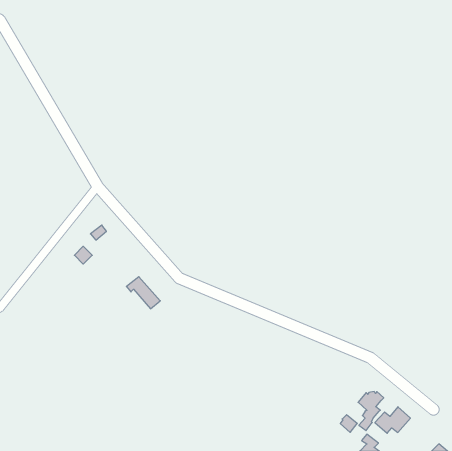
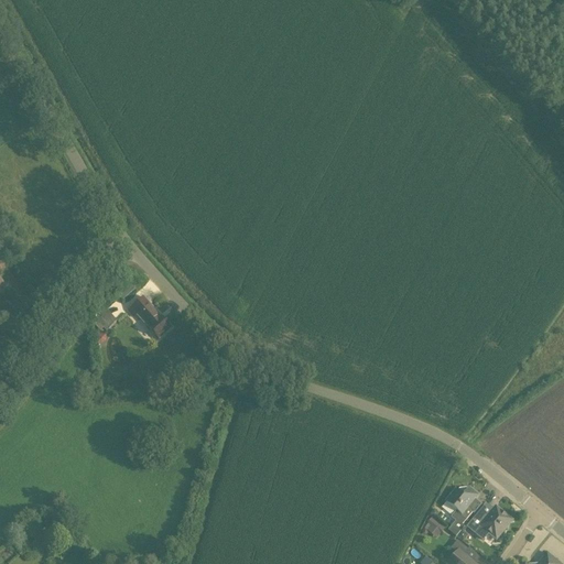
building: [126,277,160,309] -> [127,297,169,337]

